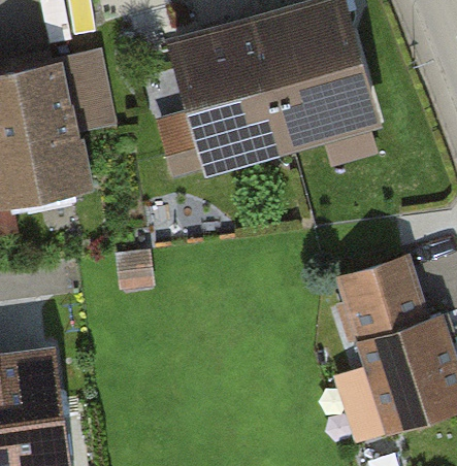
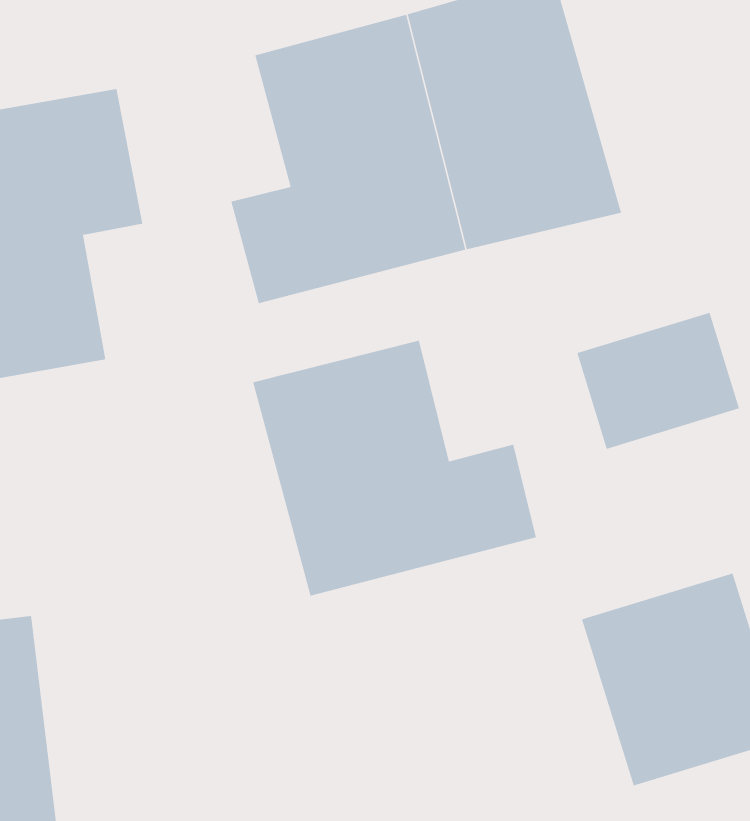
building: none -> [253,340,536,596]
building: [334,260,425,336] -> [576,312,740,449]

